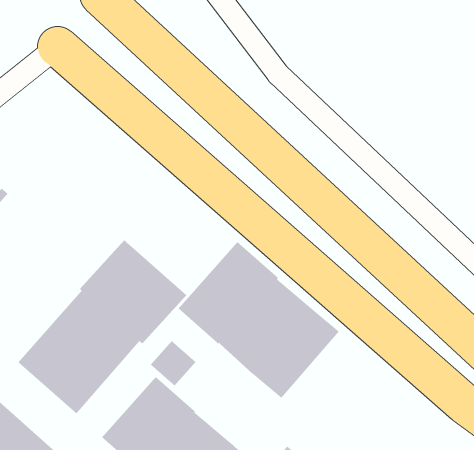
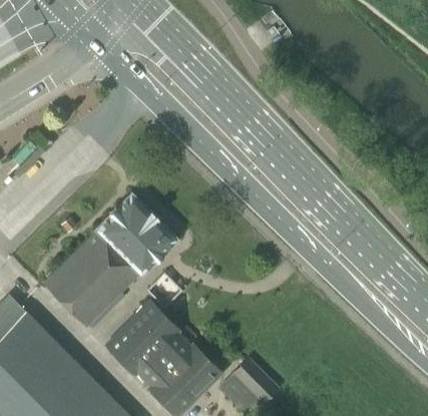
building: [178,241,340,399] -> none

